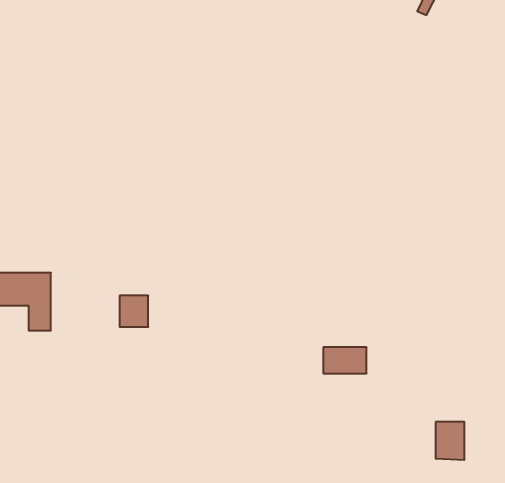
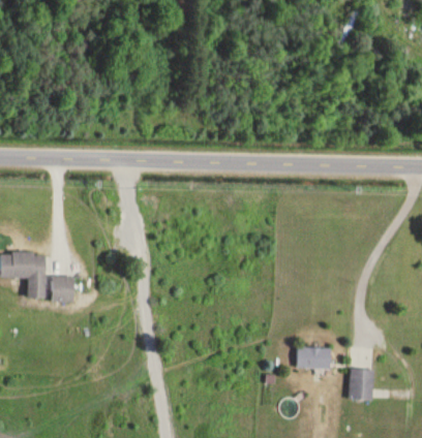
building: [120,296,148,327] -> [52,277,74,302]
building: [323,347,367,373] -> [296,348,330,369]

